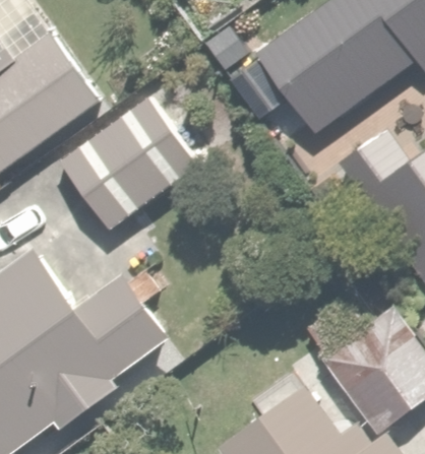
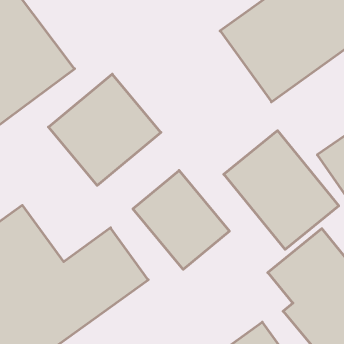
building: none -> [224,131,339,249]
building: none -> [133,170,229,269]

